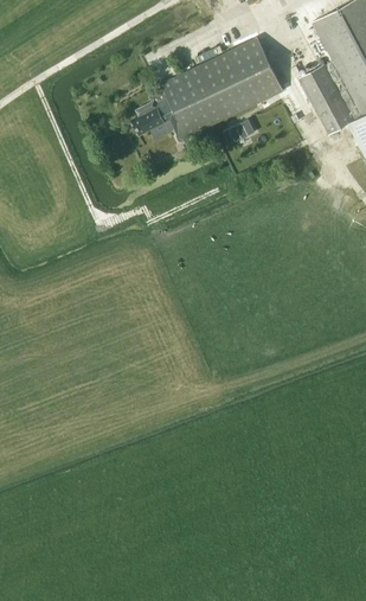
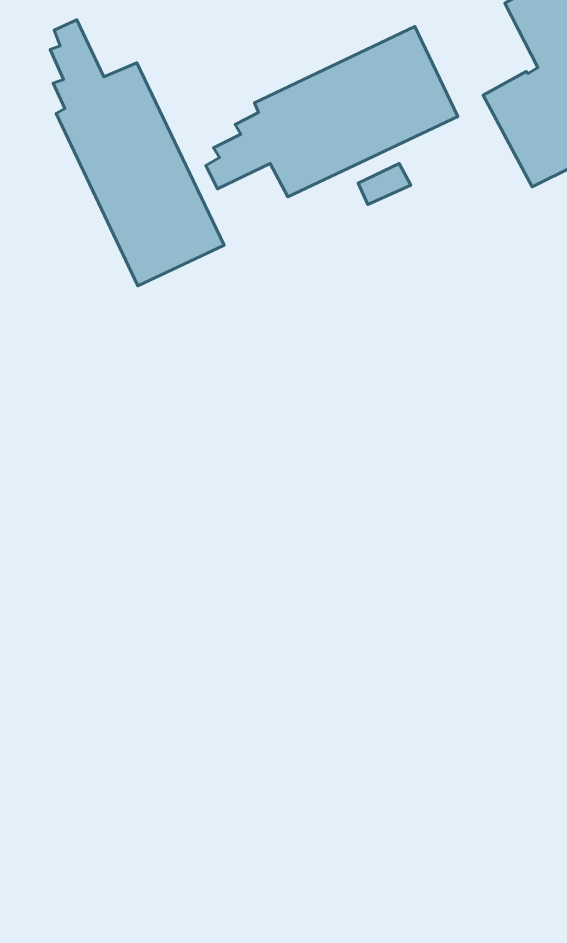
building: none -> [50,20,224,286]

